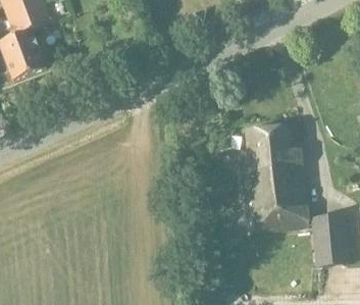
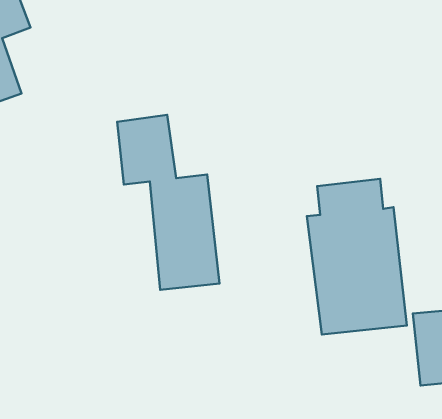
building: none -> [117,115,219,290]

